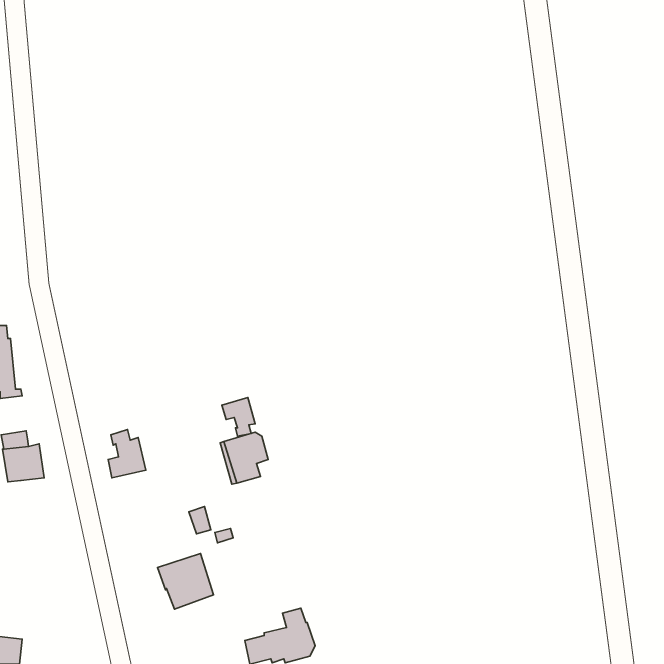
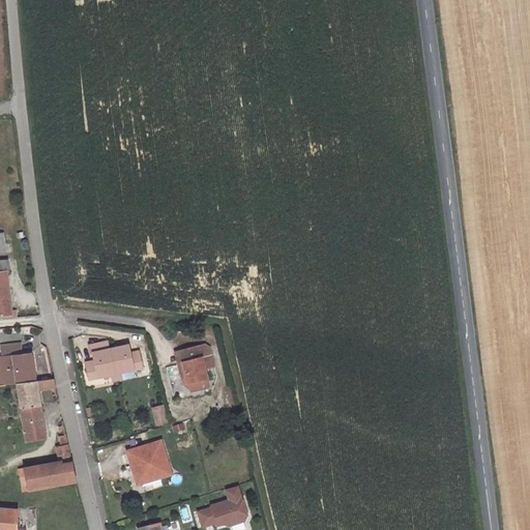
building: [222,397,255,436] -> none
building: none -> [110,345,142,374]
building: none -> [17,378,55,440]
building: none -> [20,436,76,492]

